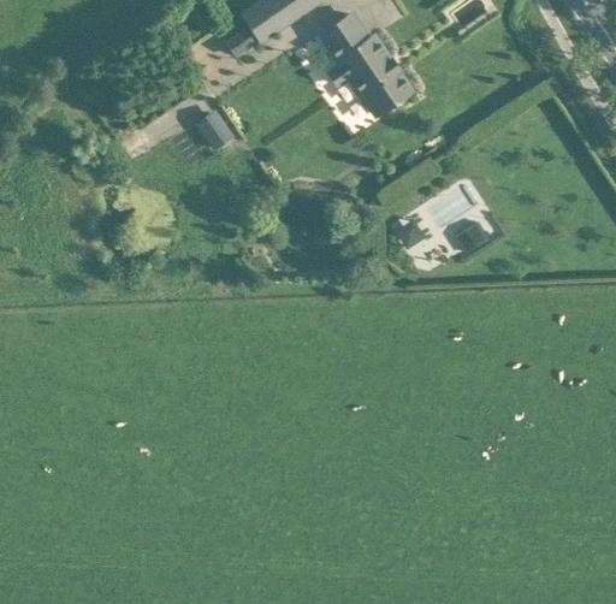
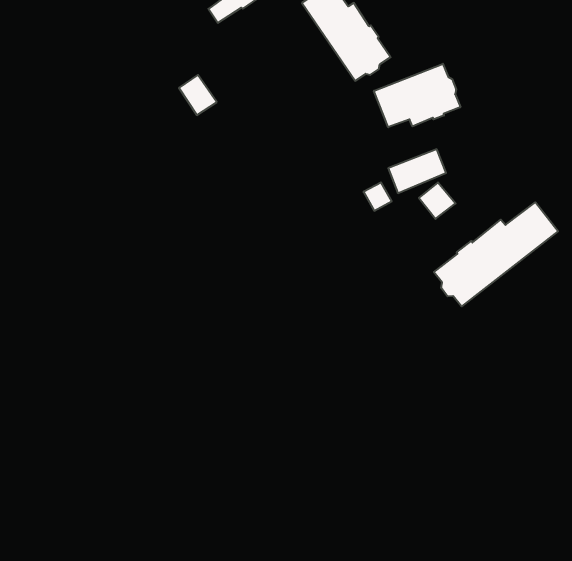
building: none -> [374,64,460,127]
building: none -> [434,202,558,306]

